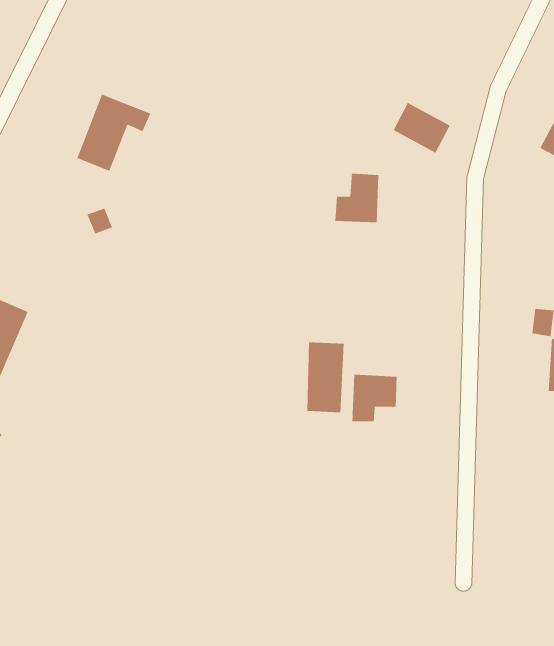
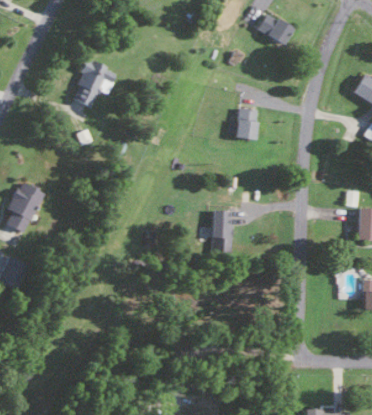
building: [393,102,451,153] -> [258,13,293,44]
building: [352,374,397,422] -> none

